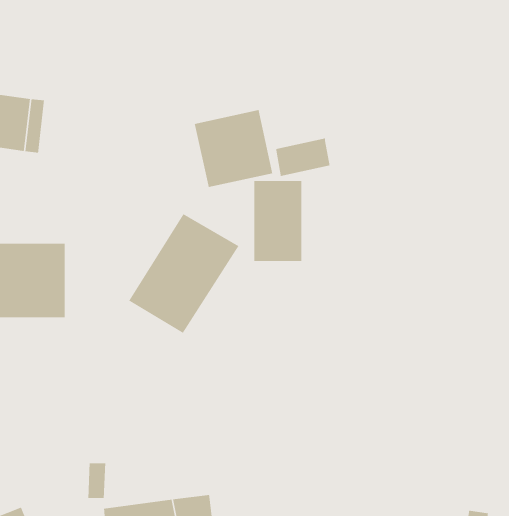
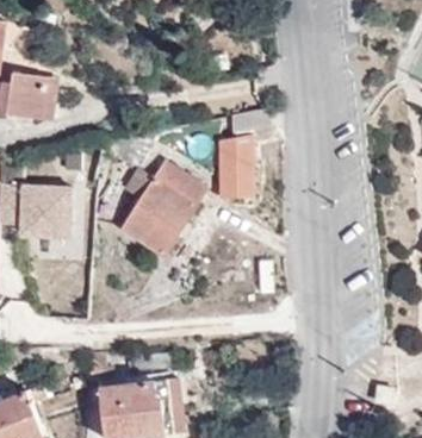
building: [194,109,273,188] -> none

